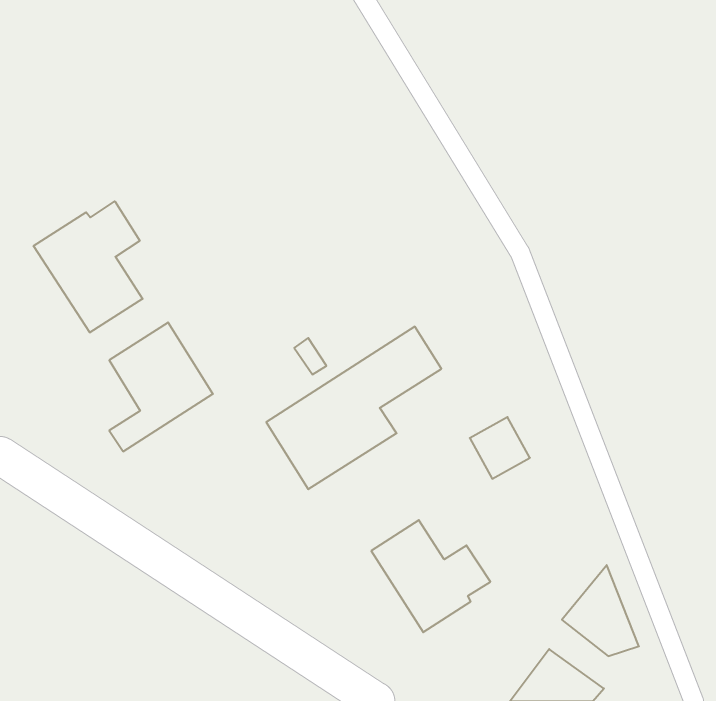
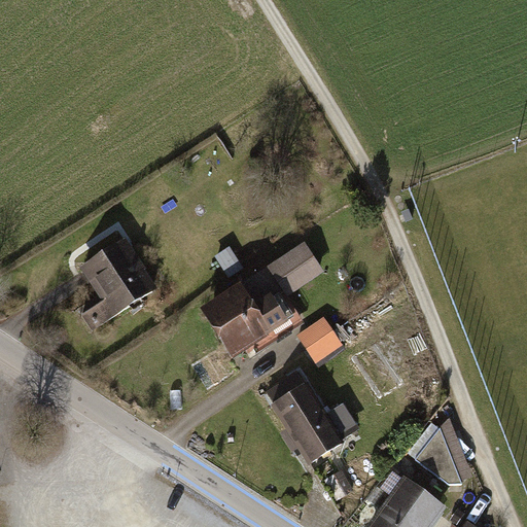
building: [34,201,143,333] -> none
building: [470,417,530,479] -> [297,313,342,358]

